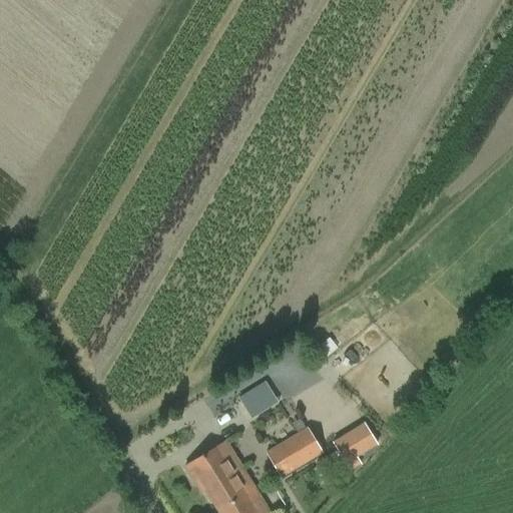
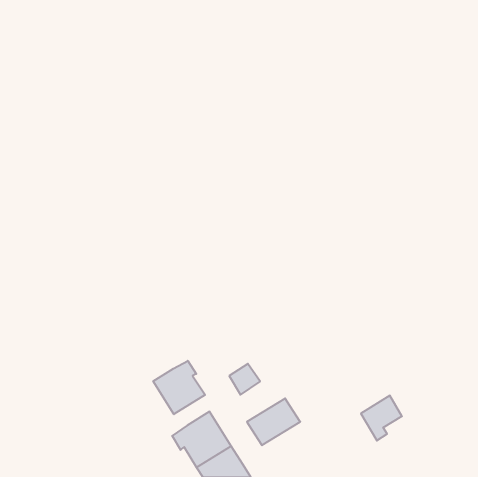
building: none -> [153,361,205,414]
building: [333,422,377,470] -> [361,396,402,441]

